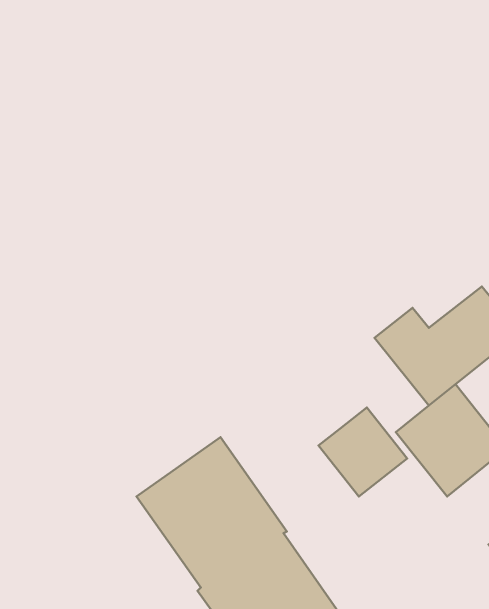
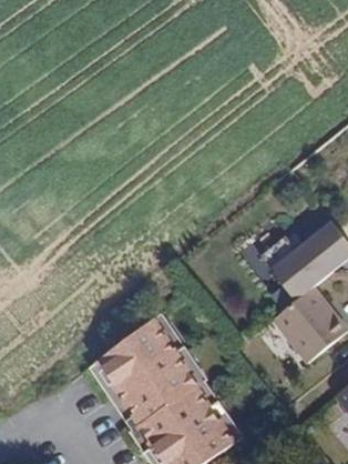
building: [318,408,407,496] -> none

